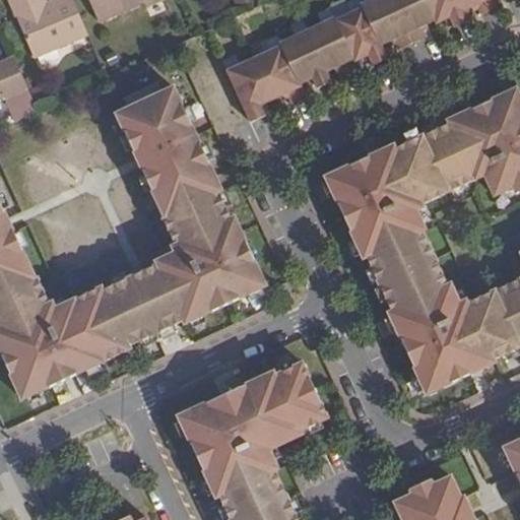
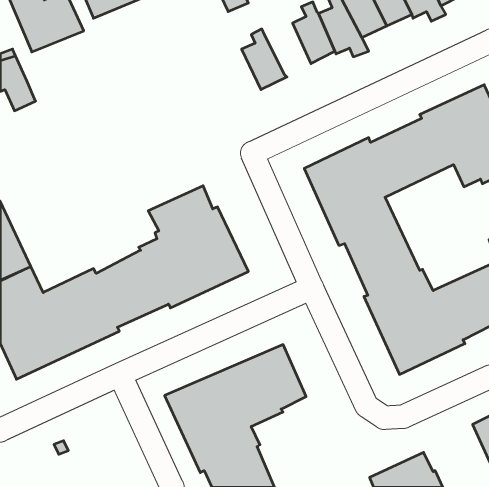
building: [282,14,336,83] -> none
building: [225,51,278,118] -> none
building: [114,84,220,222] -> none

